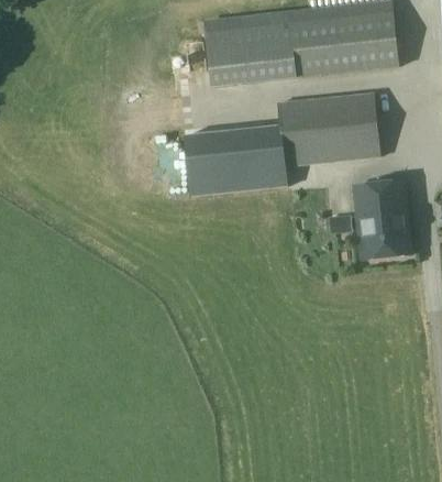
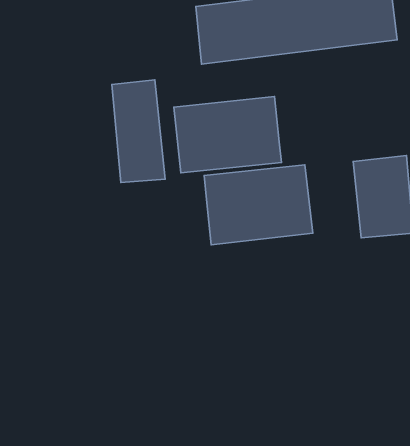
building: [277,89,380,165] -> [204,165,313,245]
building: none -> [112,80,165,182]

